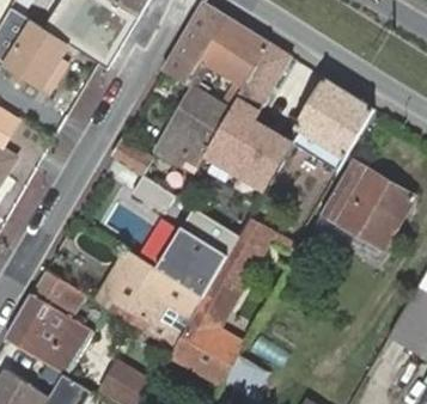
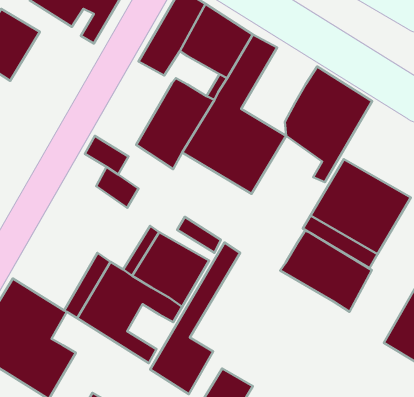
building: none -> [280,231,372,312]

